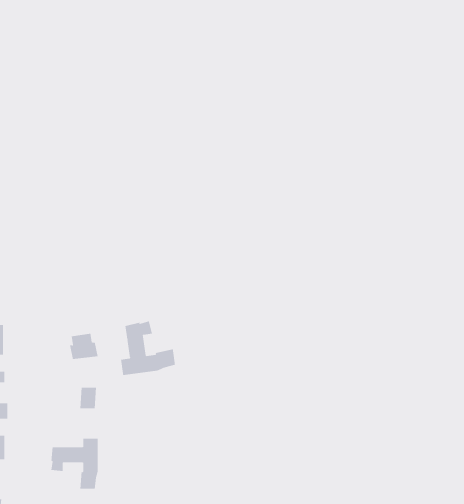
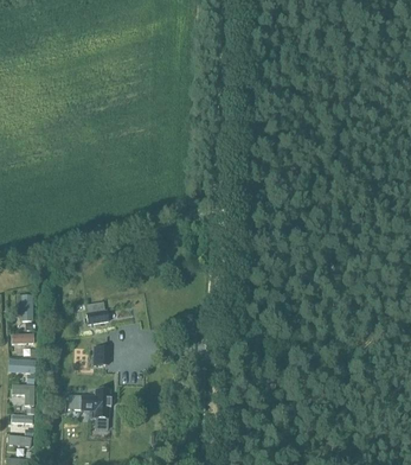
building: [120,320,176,376] -> none

